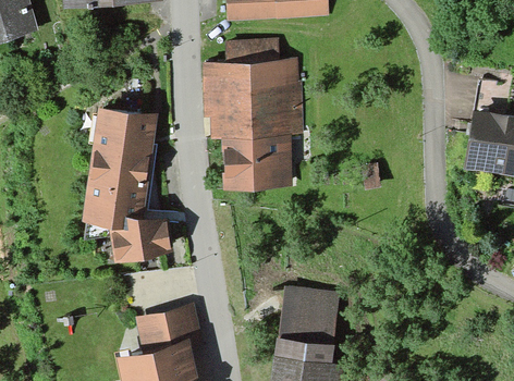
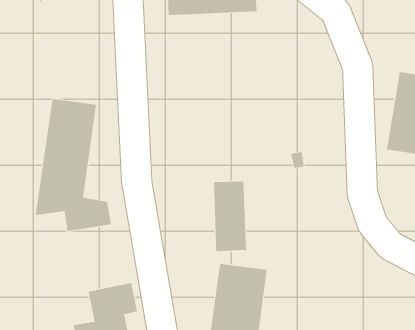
building: [205,41,299,184] -> none
building: none -> [213,181,246,252]

